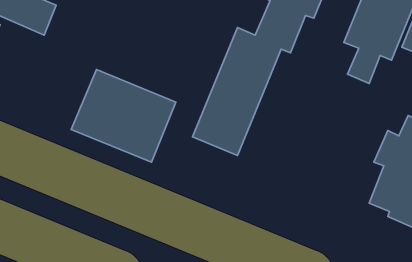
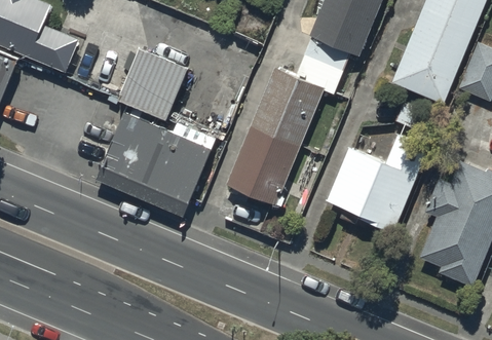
building: none -> [117,48,186,120]
building: none -> [327,134,429,233]

